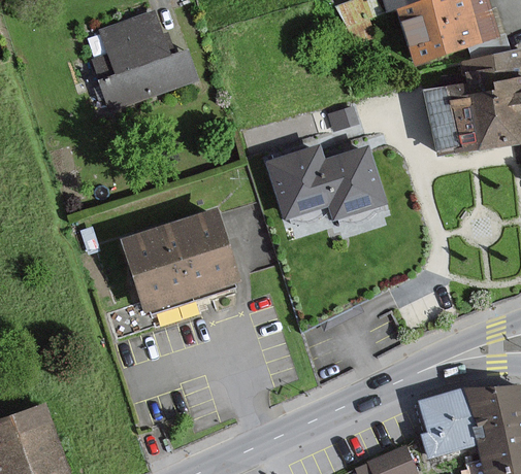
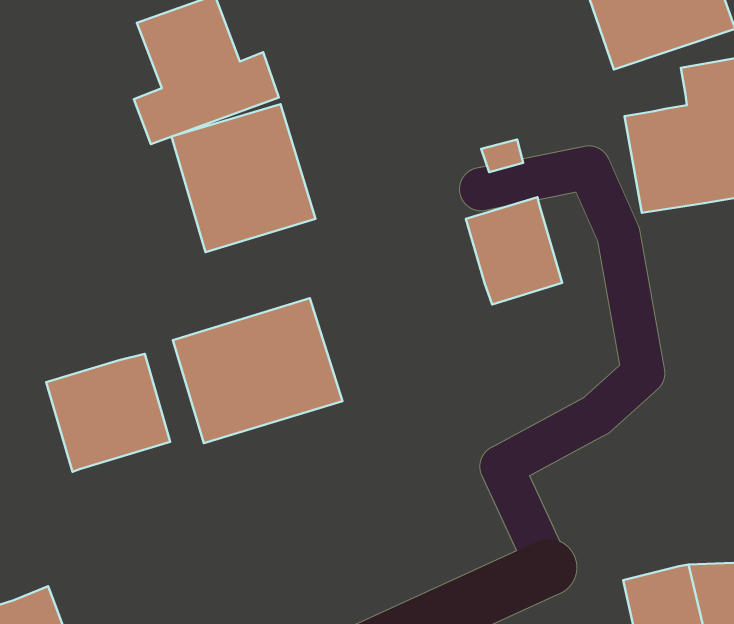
building: none -> [172,104,315,252]
building: [269,146,332,215] -> none
building: none -> [46,354,170,472]

